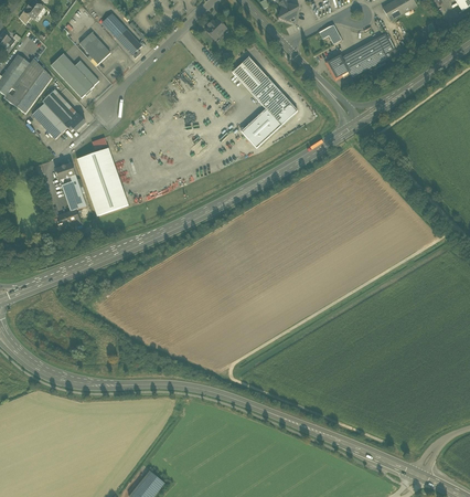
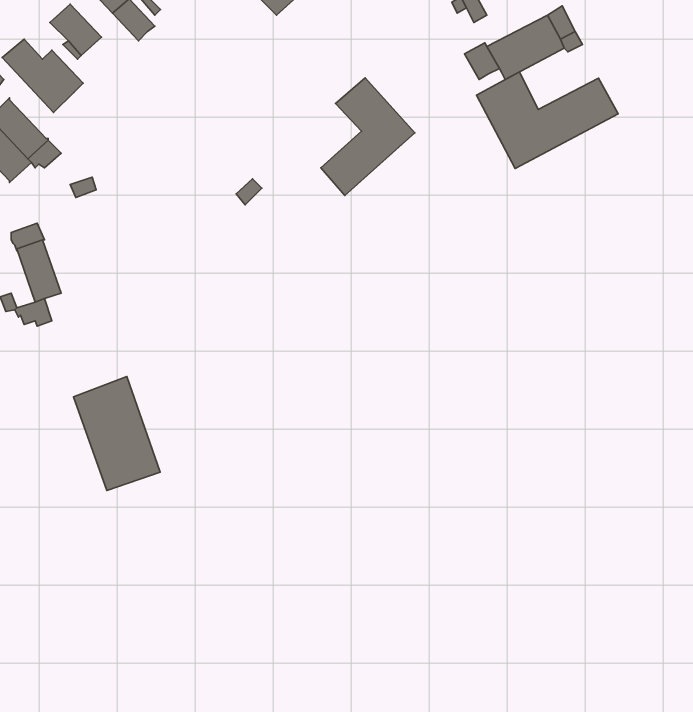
building: [232,56,267,92] -> none
building: none -> [477,72,618,169]
building: [76,147,128,215] -> [74,376,160,491]

